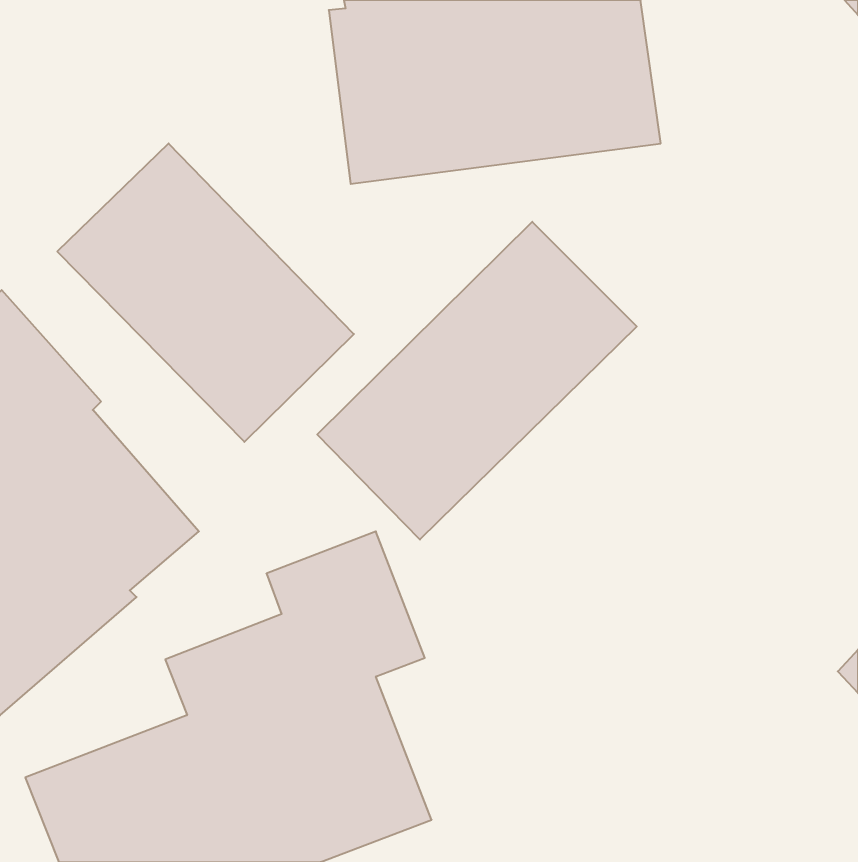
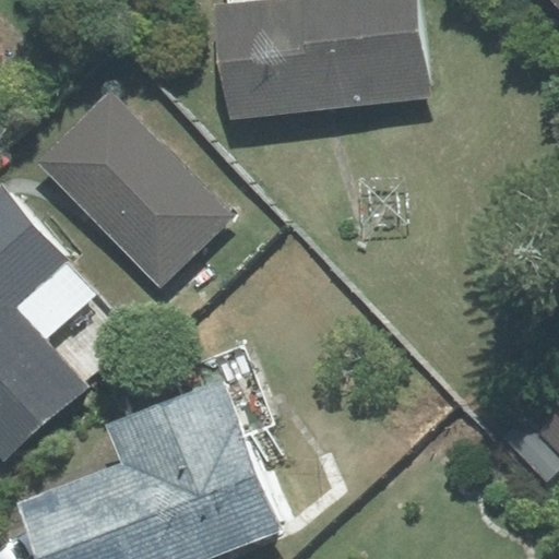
building: [317,222,637,540] -> none

